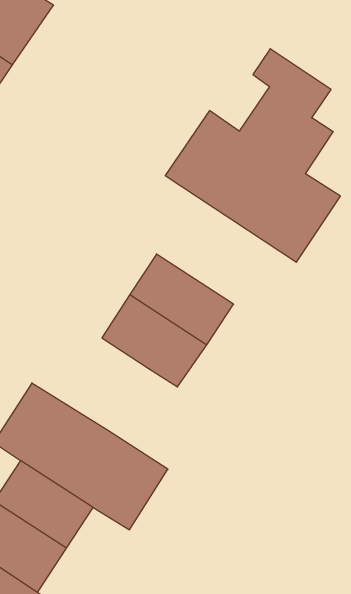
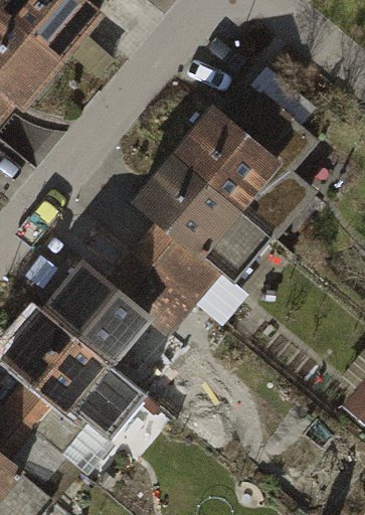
building: none -> [138,156,271,281]
building: none -> [48,264,144,356]

